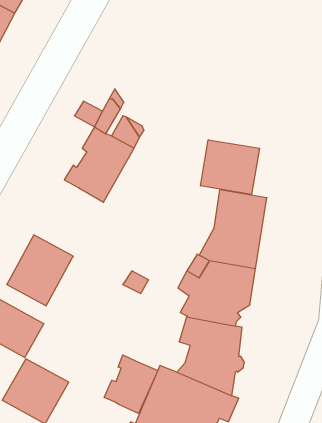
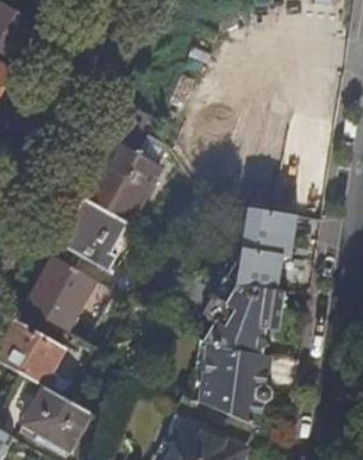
building: [201,140,259,194] -> none
building: none -> [60,196,138,295]
building: [104,355,158,413] -> none

